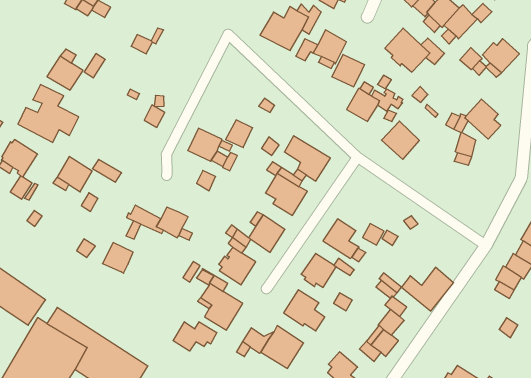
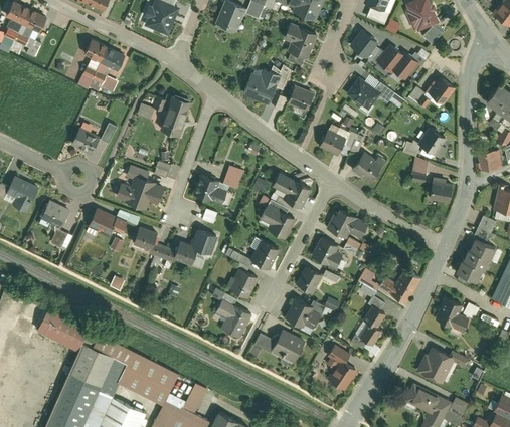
building: none -> [160,94,191,136]
building: [332,54,365,87] -> none
building: [18,85,79,142] -> [115,164,164,210]
building: none -> [429,178,453,203]
building: none -> [326,209,369,240]
building: none -> [190,229,215,255]
building: [102,243,133,273] -> [133,227,157,251]
building: none -> [435,297,469,332]
building: [173,322,217,351] -> none

